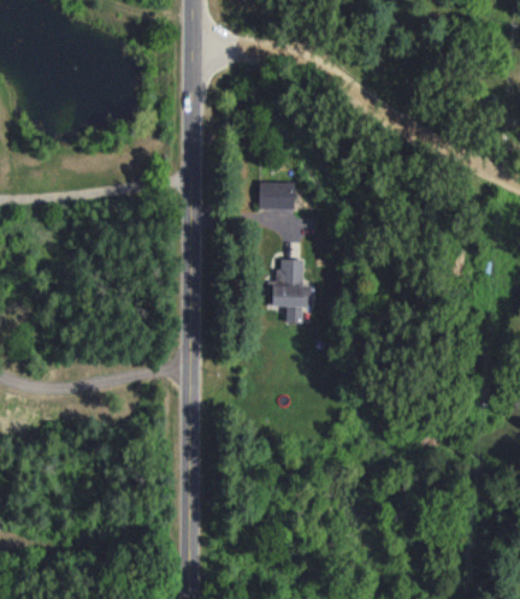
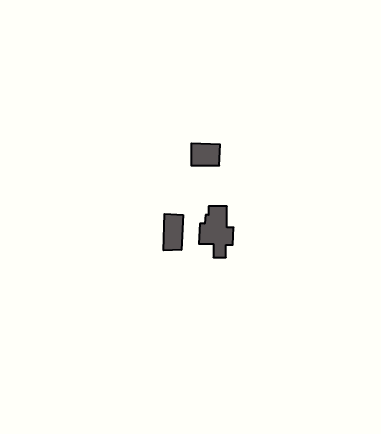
building: none -> [164,214,183,250]

